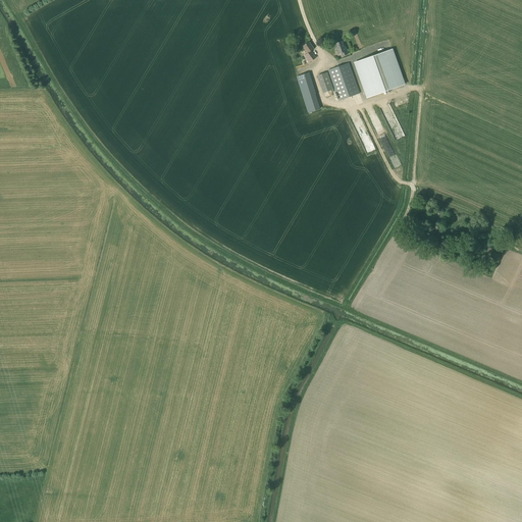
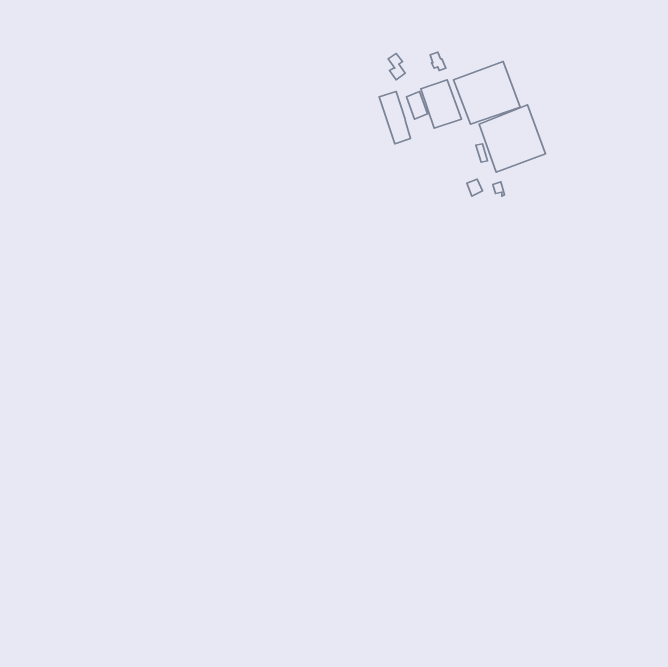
building: none -> [479,105,546,172]

